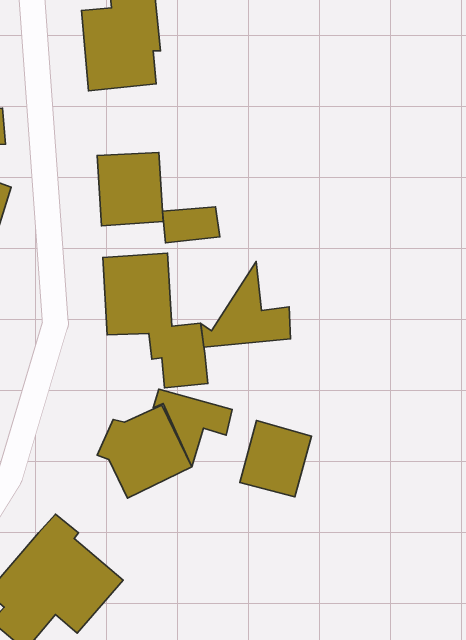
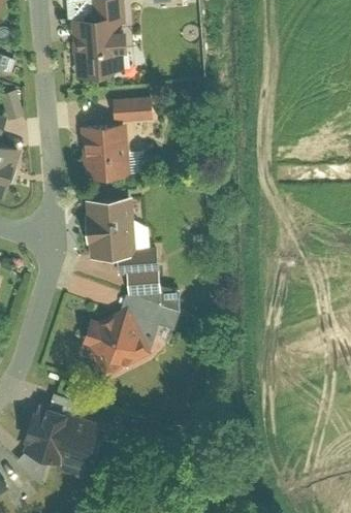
building: [163,207,220,243] -> [114,100,155,126]
building: [201,262,291,347] -> none
building: [240,421,312,497] -> none

